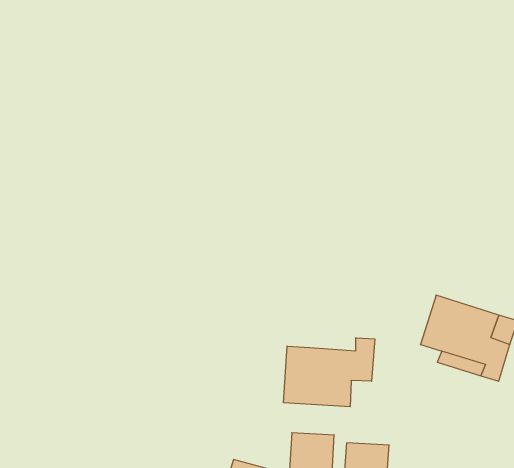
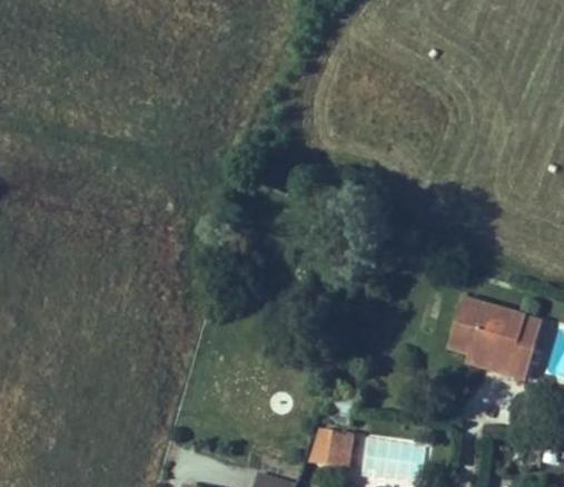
building: [284,338,375,407] -> none

